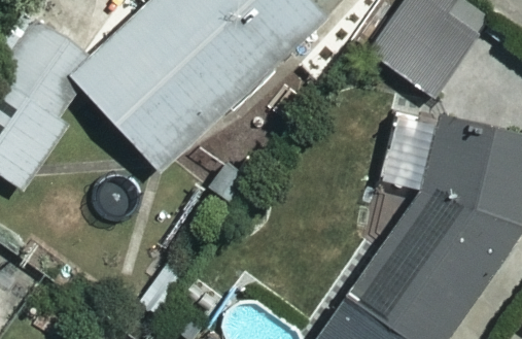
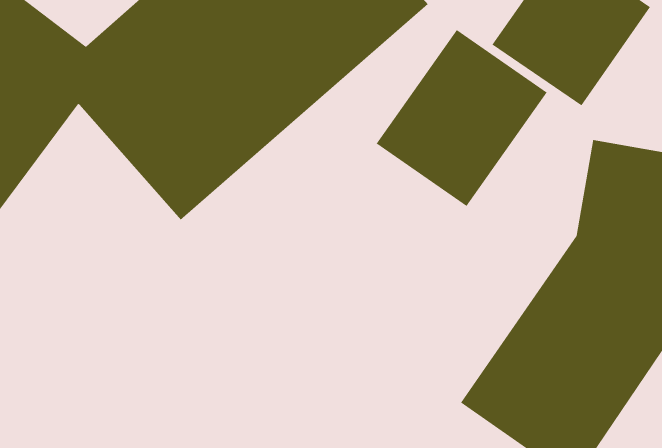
building: none -> [376,29,547,207]

